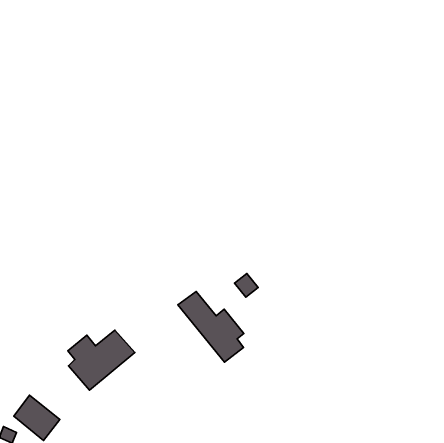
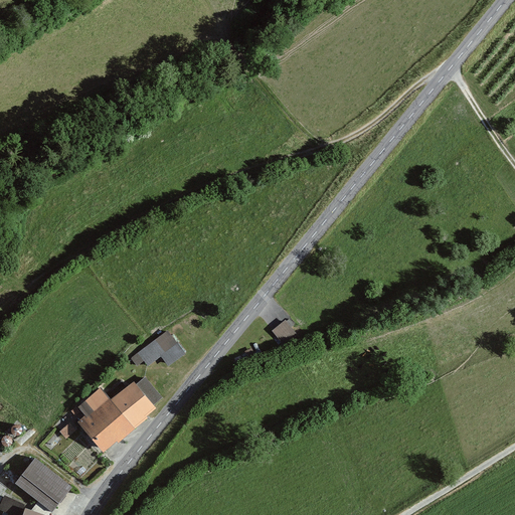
building: none -> [130,331,183,371]
building: [178,292,244,362] -> none

